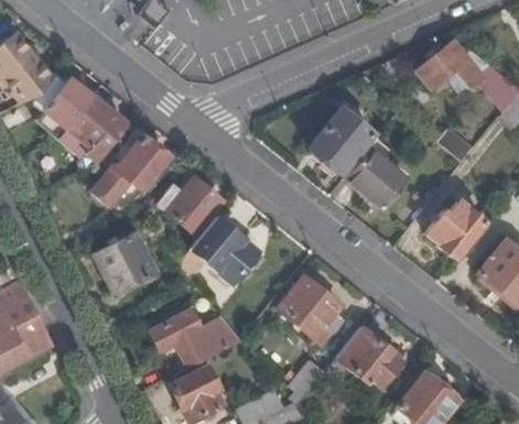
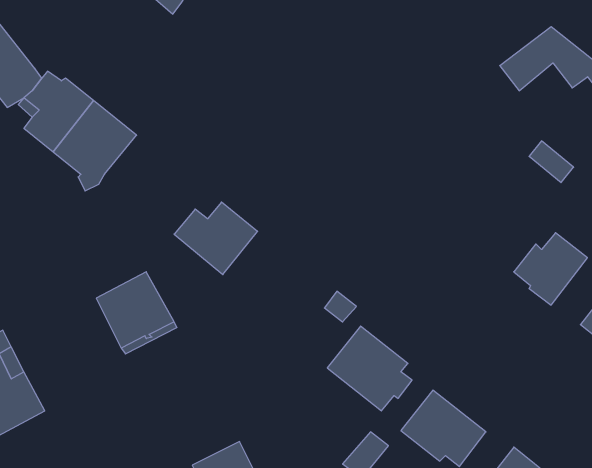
building: [309,108,372,173] -> none
building: [93,137,170,204] -> none
building: [346,138,408,209] -> none
building: [177,218,259,284] -> none
building: [151,311,242,367] -> none

